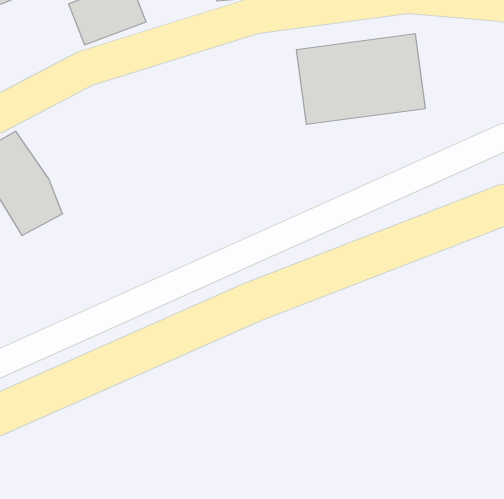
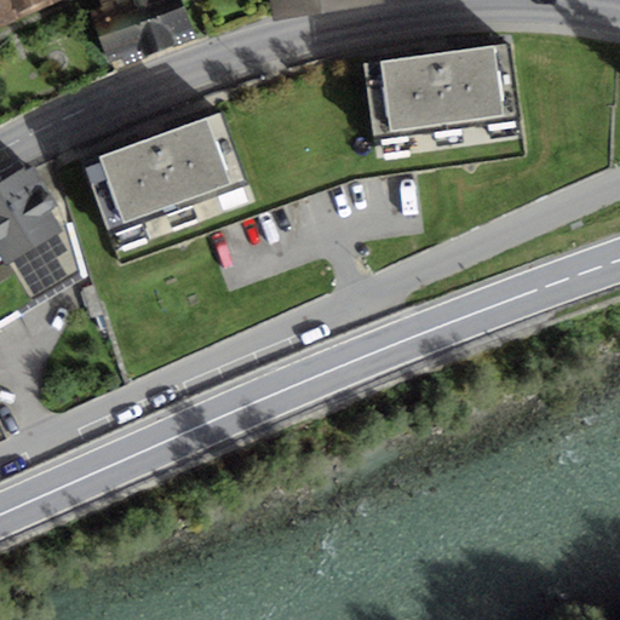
building: none -> [82,108,251,246]

